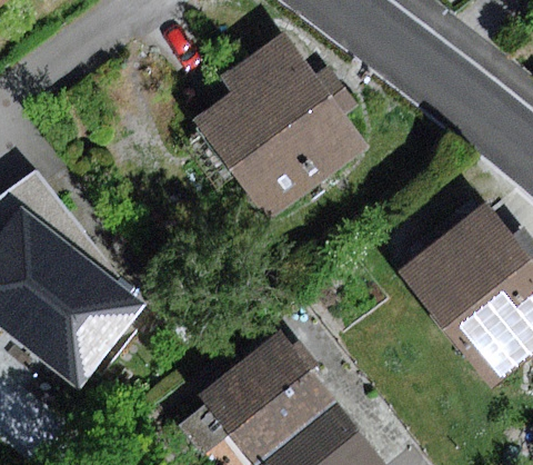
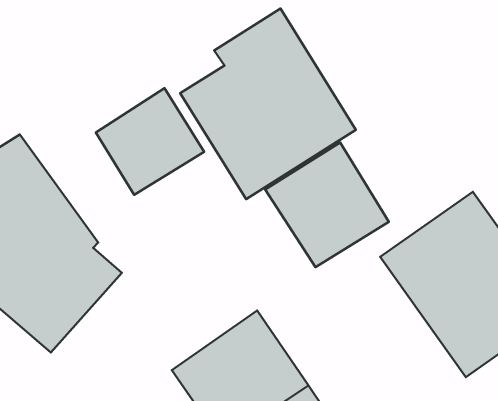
building: none -> [96,88,204,195]
building: none -> [265,142,389,267]

